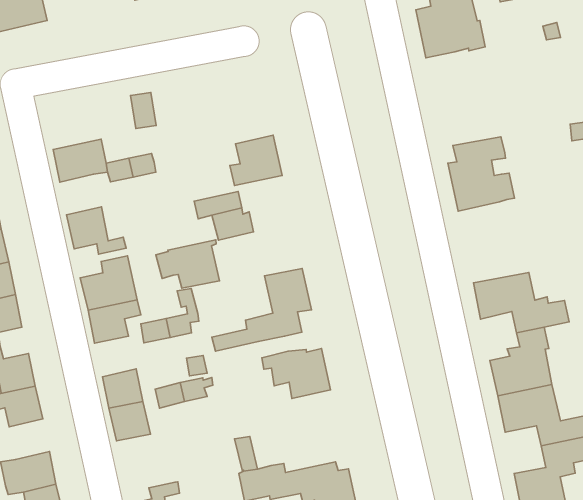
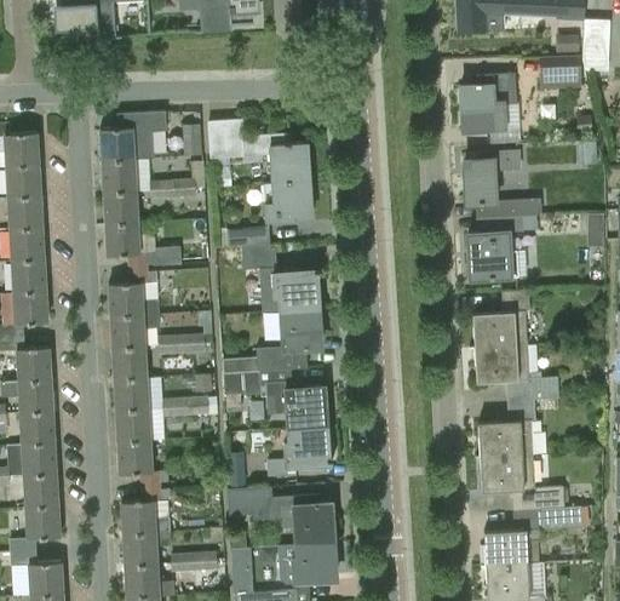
building: none -> [465,150,566,217]
building: none -> [209,120,310,183]
building: none -> [101,110,167,161]
building: none -> [104,190,139,224]
building: none -> [472,291,529,348]
building: [156,240,220,288] -> [262,270,320,310]
building: none -> [113,347,148,380]
building: none -> [224,371,266,395]
building: none -> [266,427,333,477]
building: none -> [21,411,54,445]
building: none -> [119,441,168,486]

